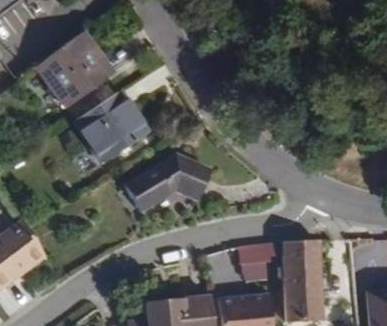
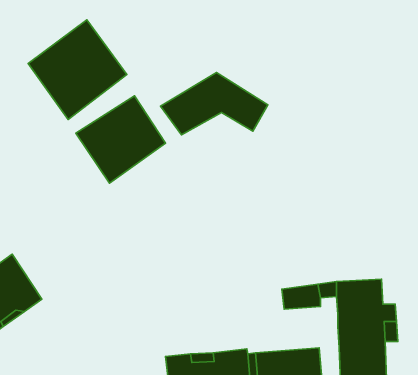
building: [119,161,205,211] -> [160,73,268,135]

